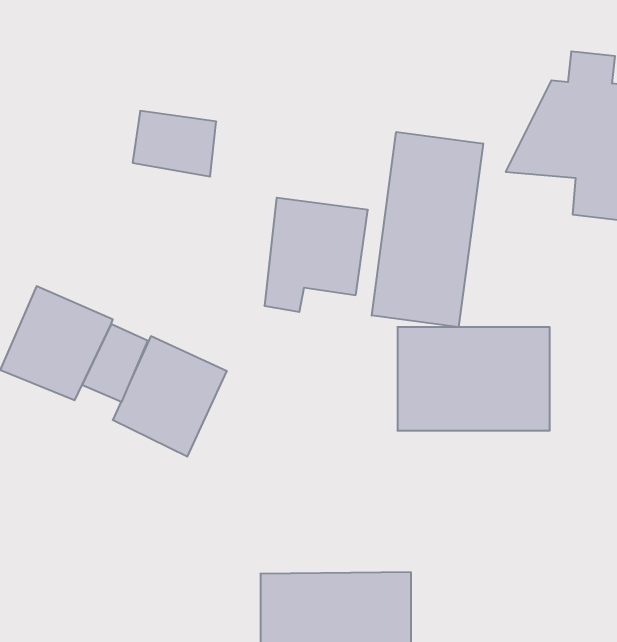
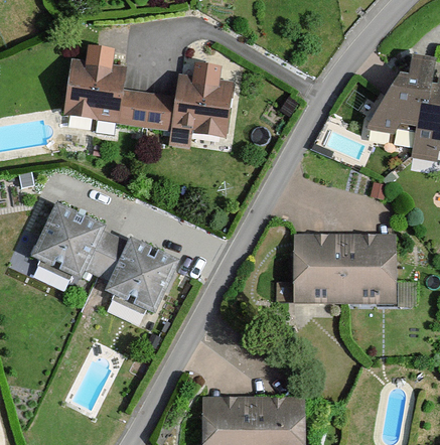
building: none -> [62,59,127,125]
building: [372,132,483,327] -> none
building: [264,198,368,312] -> [168,77,237,152]

